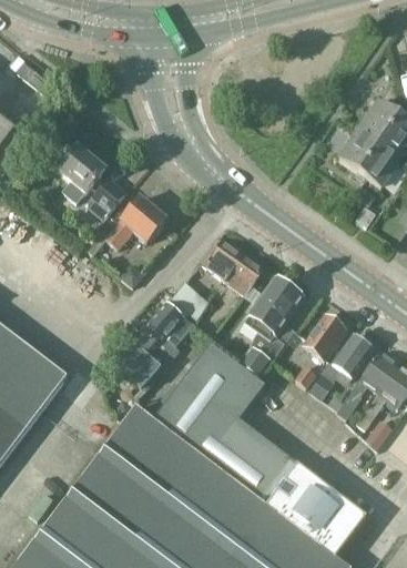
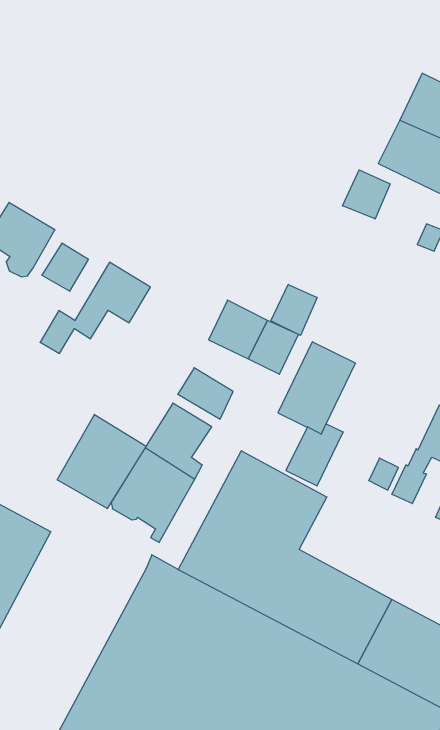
building: none -> [342,170,390,219]
building: none -> [271,284,317,335]
building: none -> [57,414,146,509]
building: [303,312,345,358] -> none

